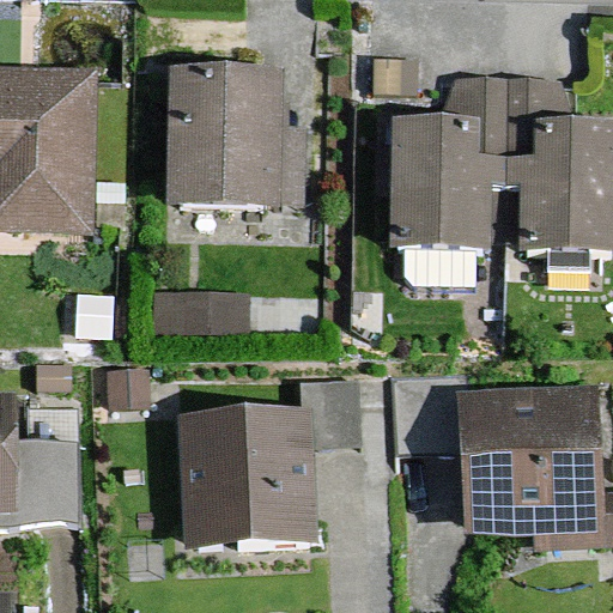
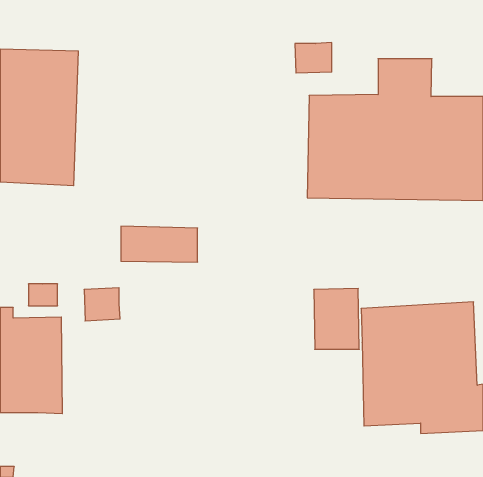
building: [168,68,308,207] -> none
building: [176,377,363,550] -> none

